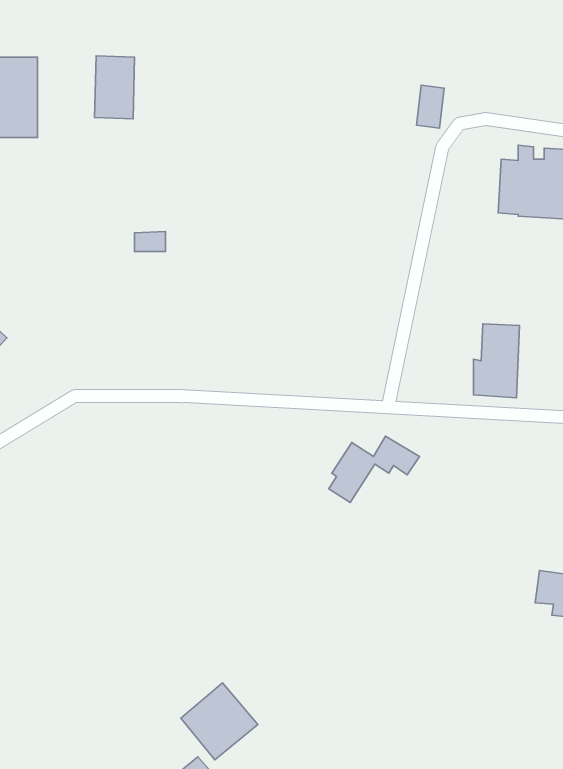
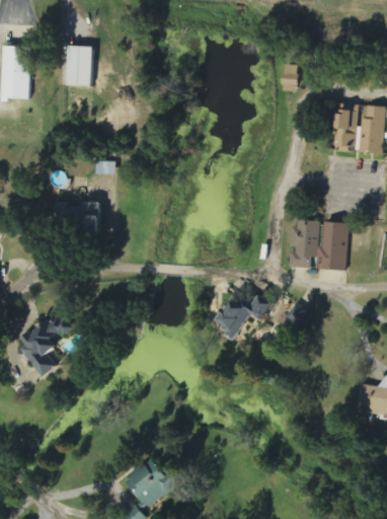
building: none -> [54,200,103,228]
building: none -> [287,220,316,268]
building: none -> [19,310,71,377]

